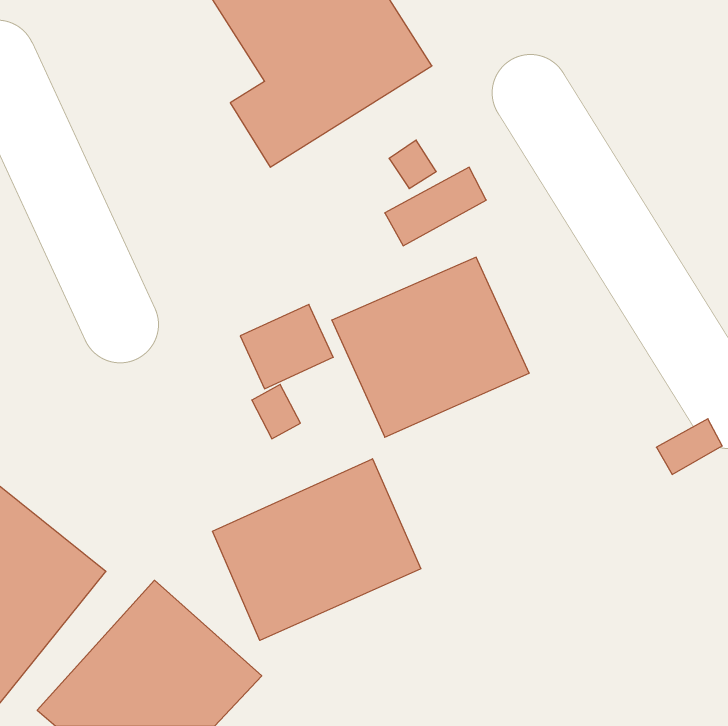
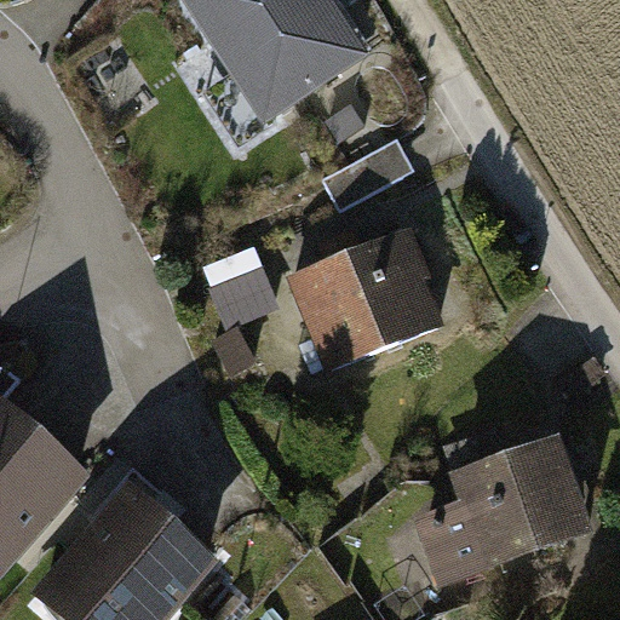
building: [213,459,421,640] -> none
building: none -> [411,432,592,580]

